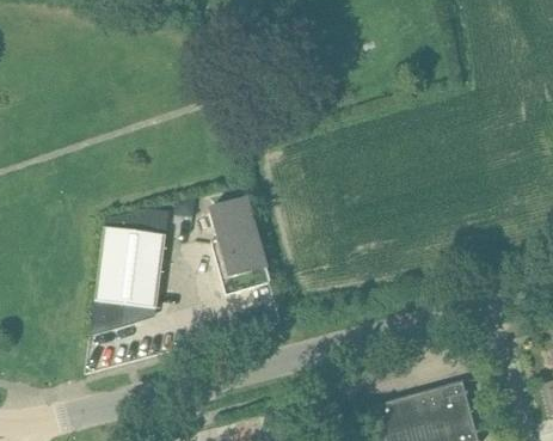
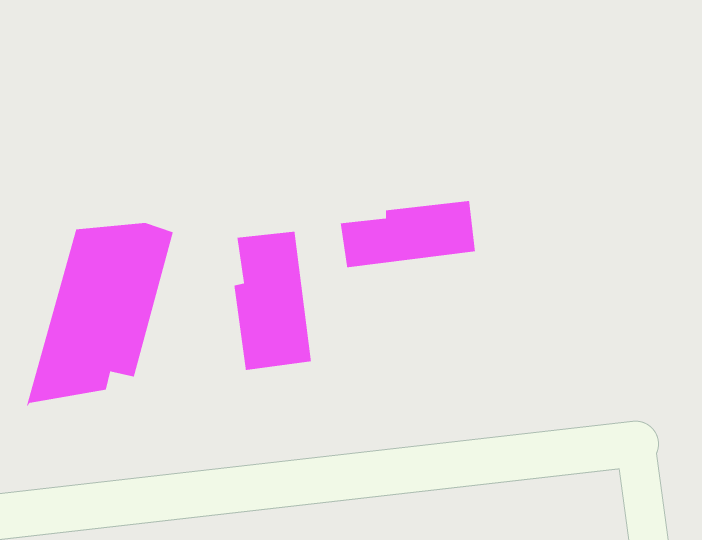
building: none -> [340,200,476,268]

